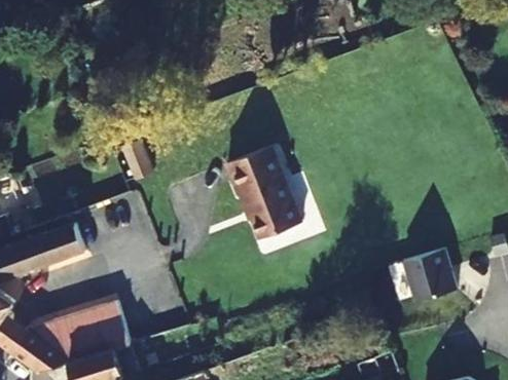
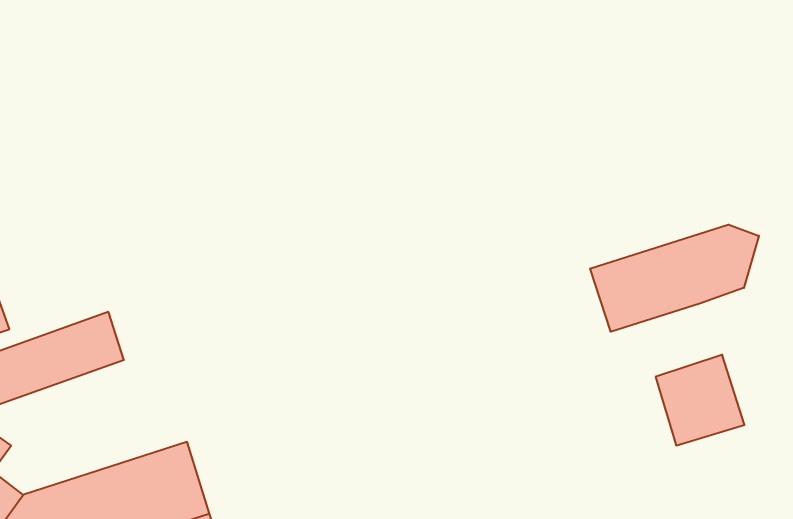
building: [225,151,300,239] -> none
building: none -> [590,225,759,332]

